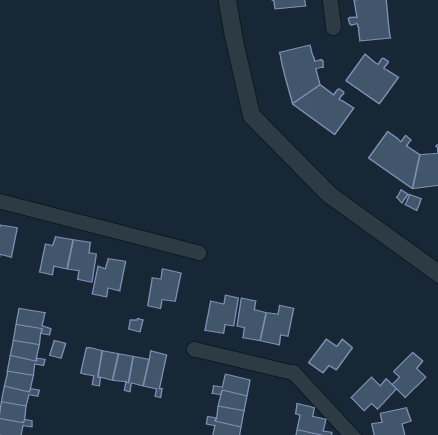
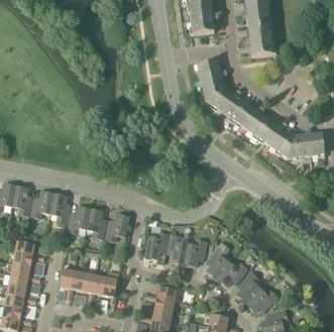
building: [346,54,399,104] -> [235,103,271,137]
building: none -> [12,186,33,216]
building: none -> [87,209,107,238]
building: none -> [207,246,229,279]
building: [392,352,426,398] -> [237,271,260,303]

